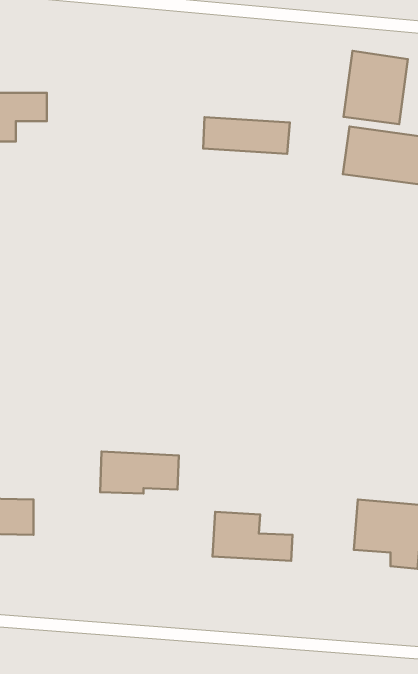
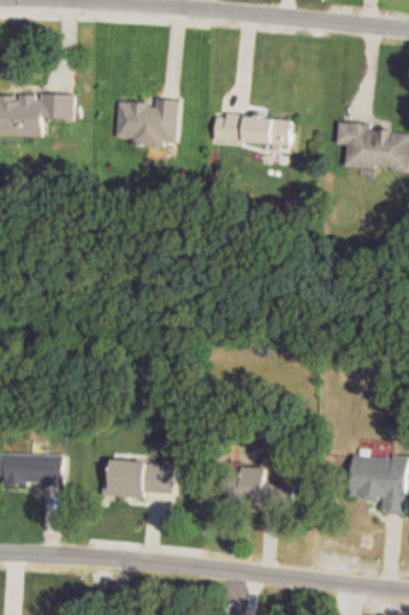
building: [344,51,408,124] -> none
building: none -> [114,97,178,146]
building: [100,451,179,493] -> [103,460,173,497]

